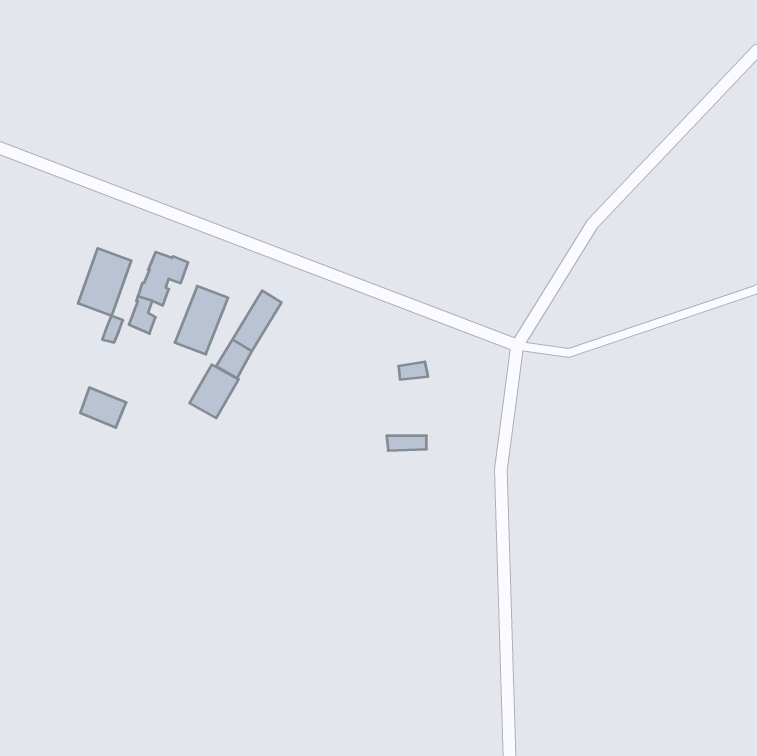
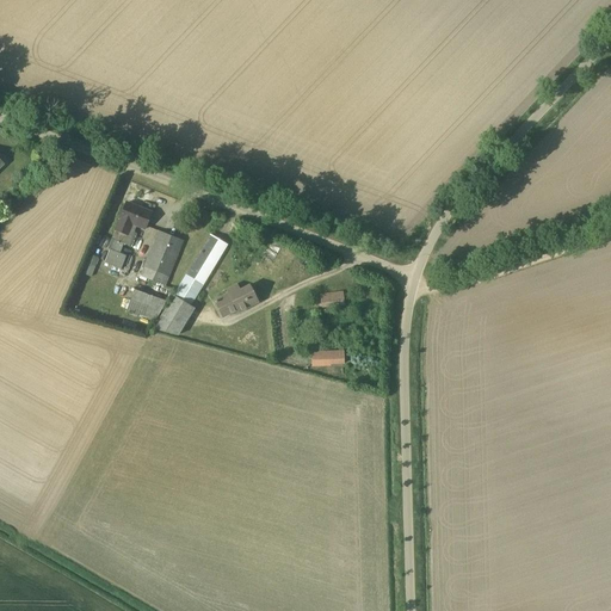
building: [78,248,131,316] -> none
building: none -> [215,282,259,316]
building: [80,388,126,428] -> [125,286,162,319]

